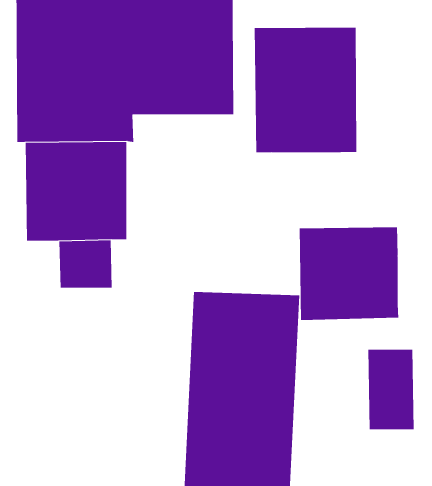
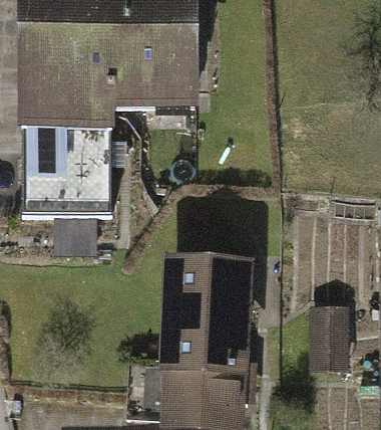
building: [254,27,357,153] -> none
building: [299,226,399,321] -> none

